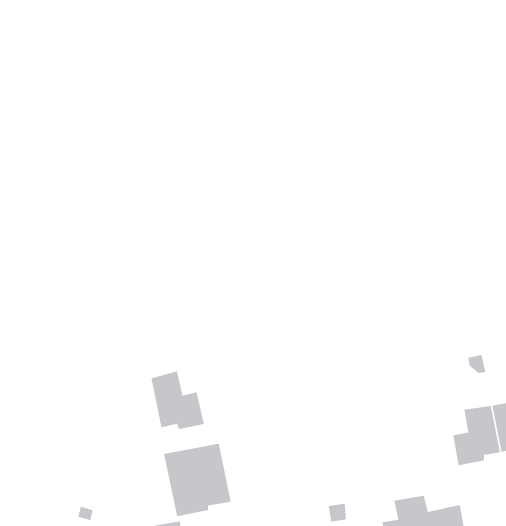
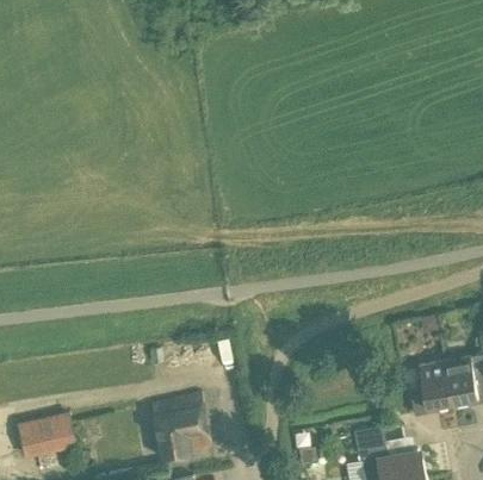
building: [151,371,205,430] -> none
building: none -> [21,411,80,456]

